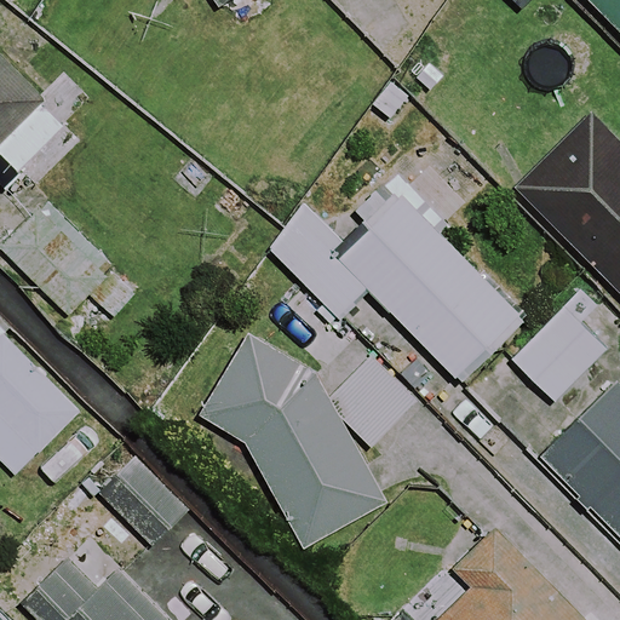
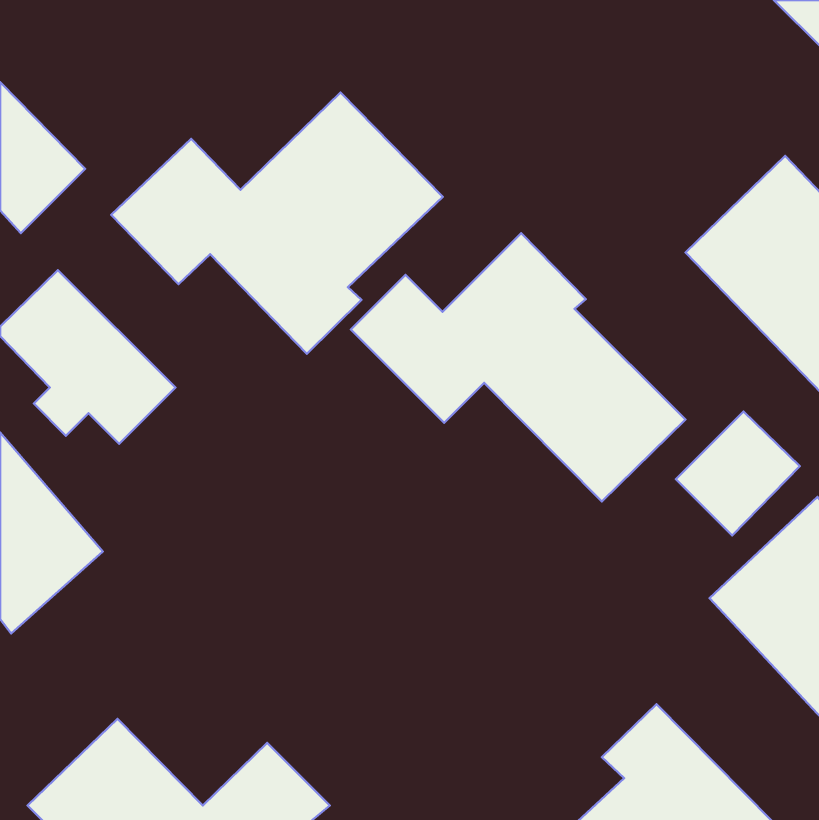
building: none -> [111,93,443,354]
building: [199,326,413,542] -> none

